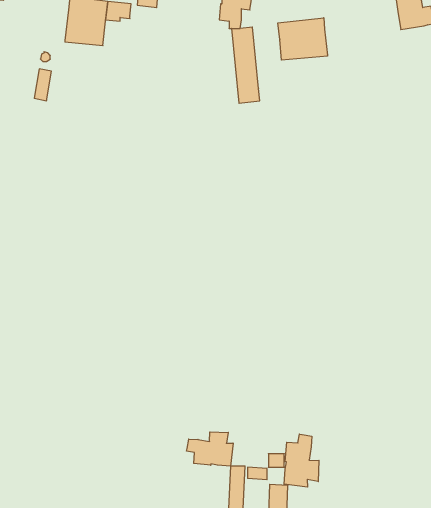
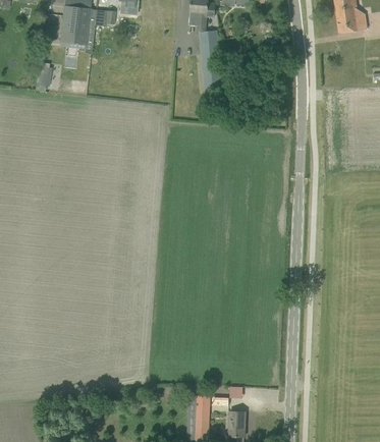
building: [278,18,327,60] -> none
building: [187,432,233,466] -> none
building: [284,434,319,487] -> none

